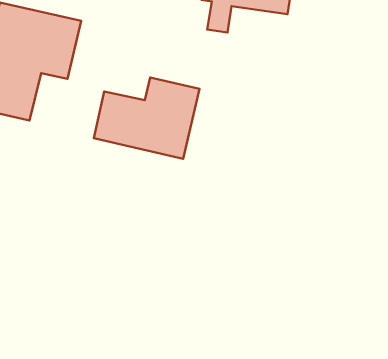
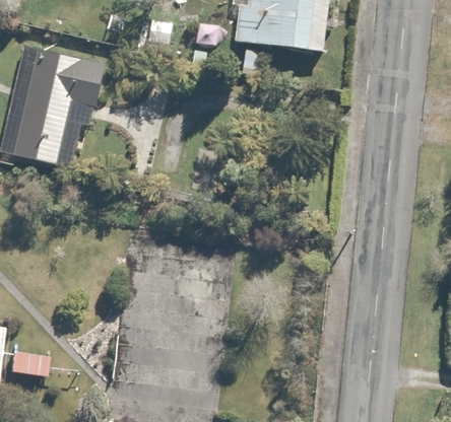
building: [94,78,199,159] -> none

